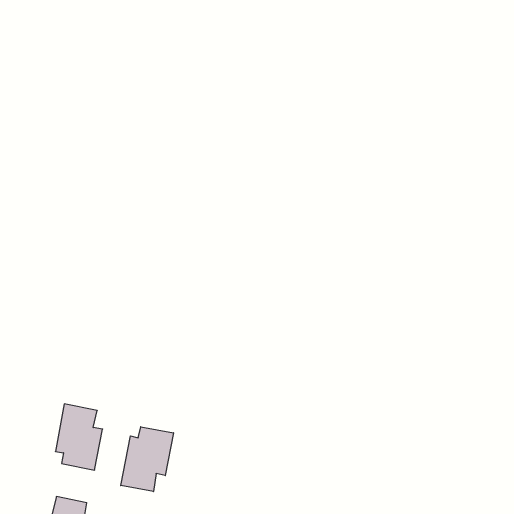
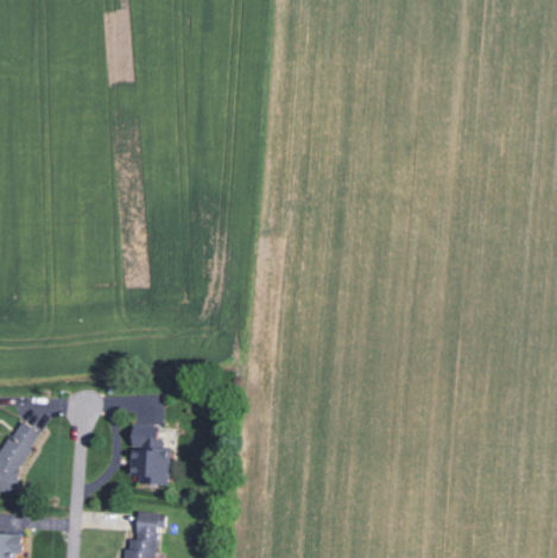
building: [121,427,173,492] -> none

